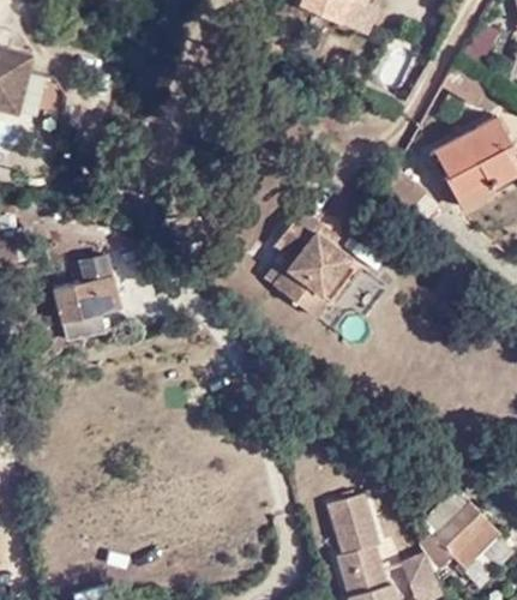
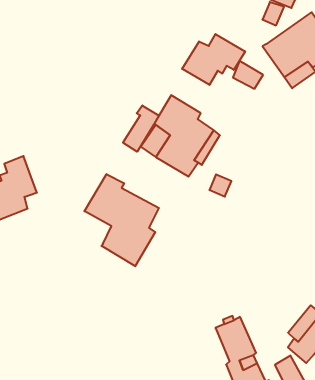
building: none -> [182,34,245,85]
building: none -> [123,105,159,152]
building: none -> [84,174,159,266]

